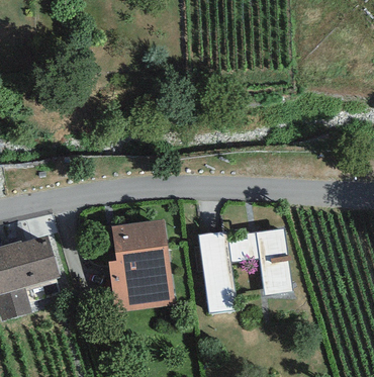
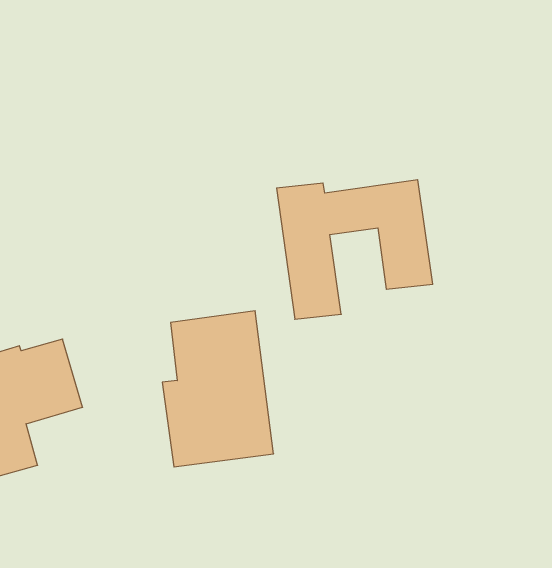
building: [197,228,292,313] -> [277,180,433,319]

